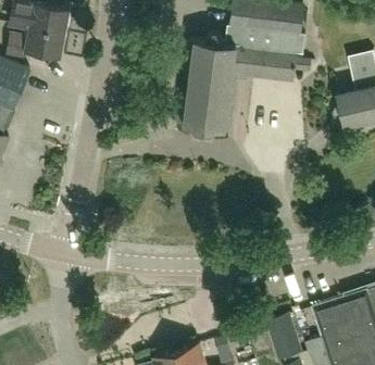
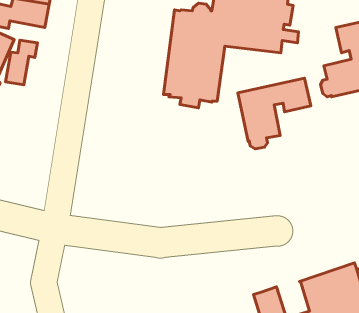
building: none -> [5,40,37,85]
building: none -> [238,78,311,149]

